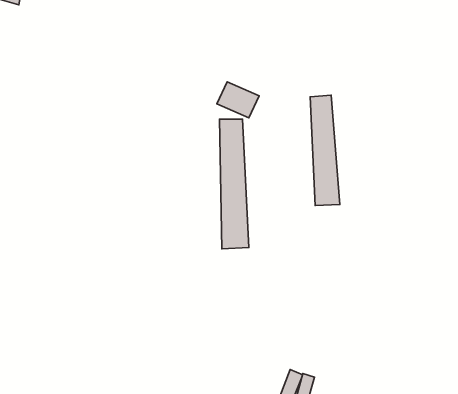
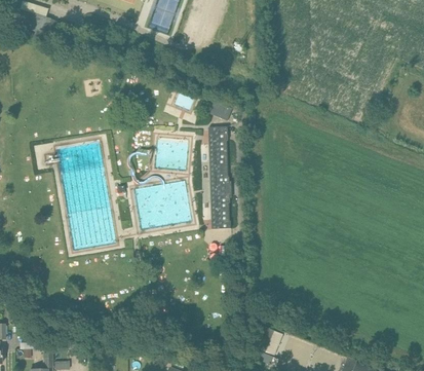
building: [310,95,340,206] -> none

